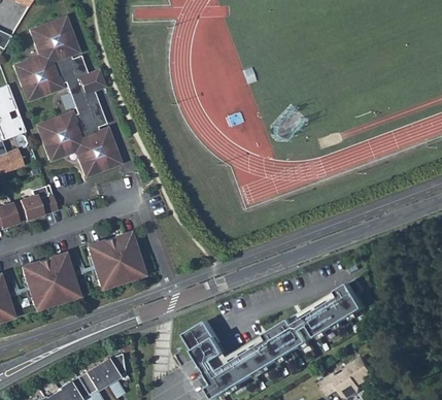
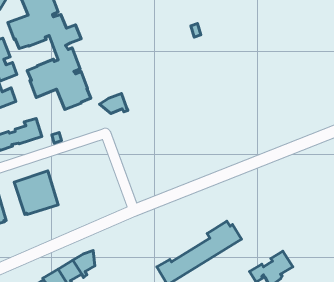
building: none -> [100,93,128,113]
building: [87,233,142,288] -> none
building: [305,276,365,335] -> none
building: [184,319,226,365] -> none

